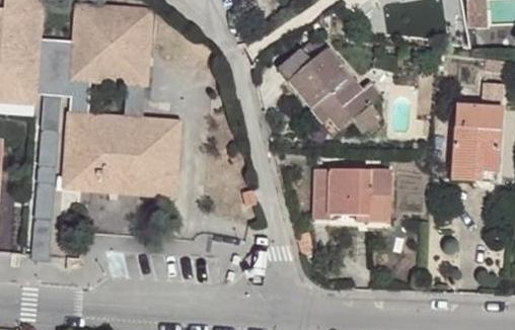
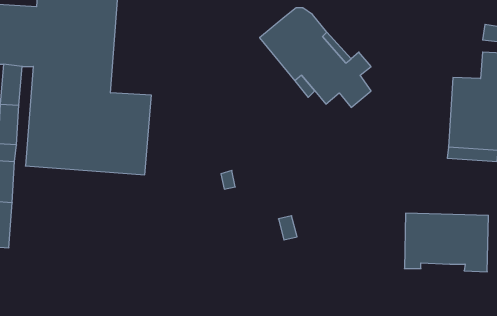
building: [313,168,390,222] -> [404,213,488,272]

